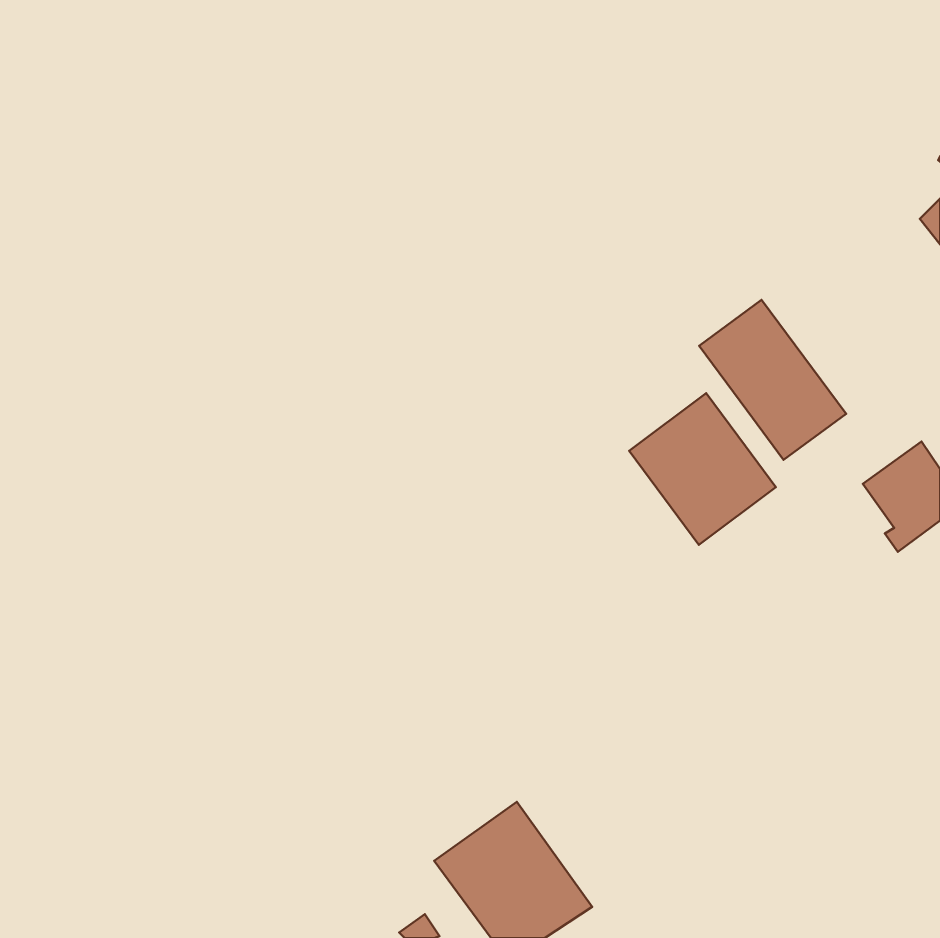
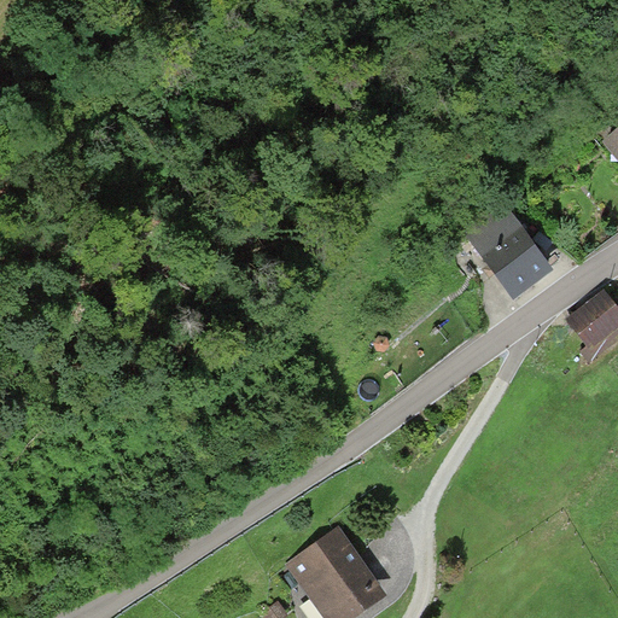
building: [629,393,776,545] -> none

